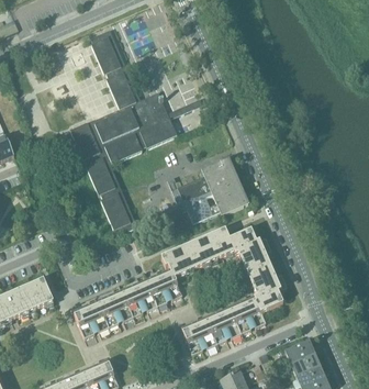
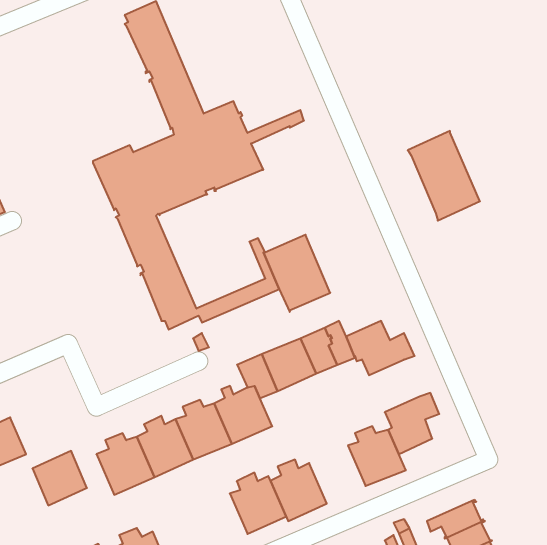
building: [201,157,246,213] -> [408,131,480,221]
building: [243,251,275,284] -> none
building: [19,276,53,310] -> [32,451,87,505]
building: [205,302,241,341] -> [230,473,286,534]

